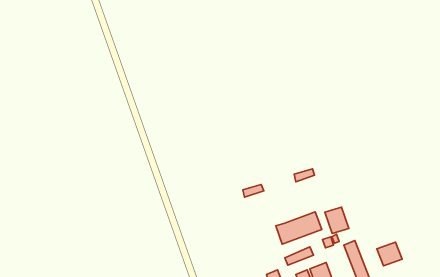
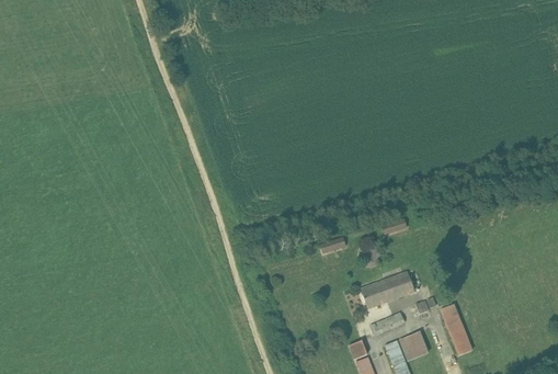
building: [325,207,349,234] -> none
building: [377,242,402,266] -> none

